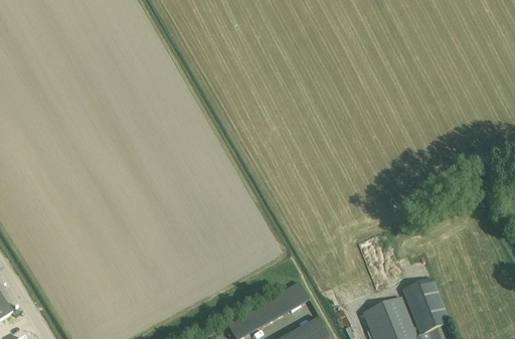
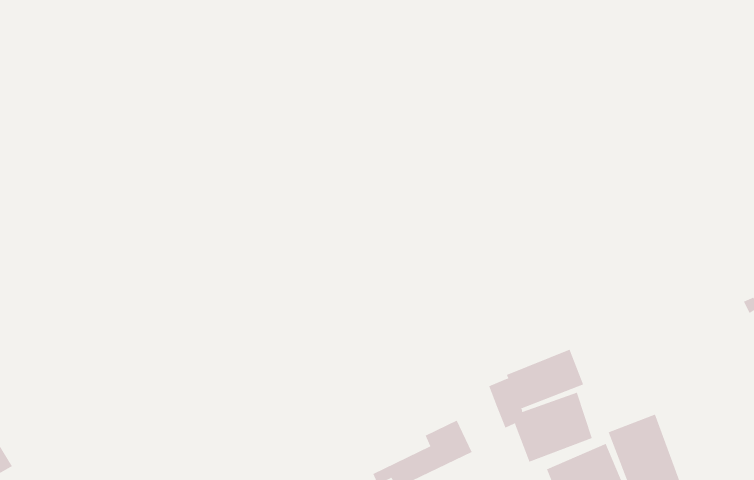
building: none -> [488,349,593,462]

